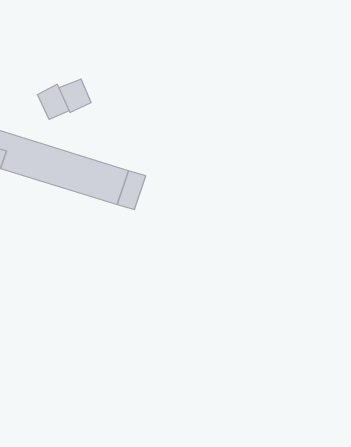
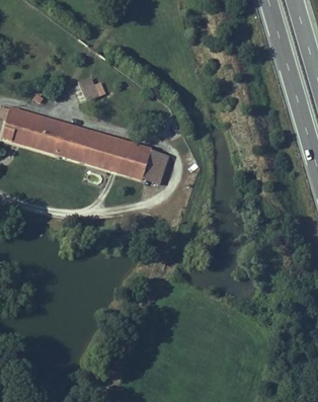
building: [37,84,69,119] -> none
building: none -> [141,151,167,183]

